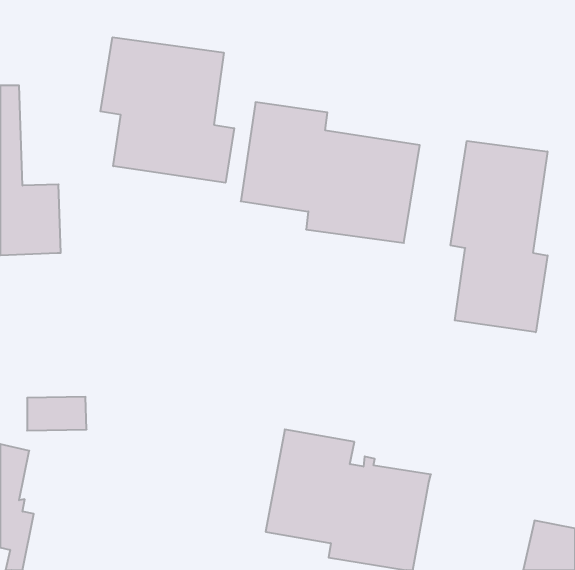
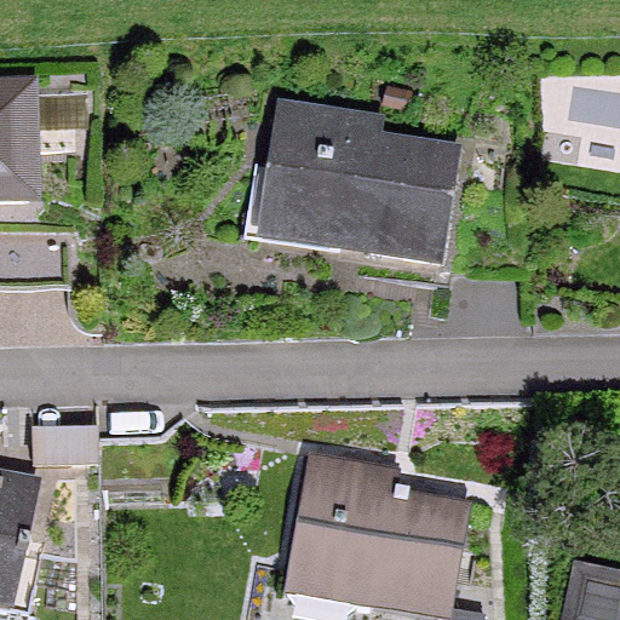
building: [100,37,234,183] -> none
building: [451,141,548,332] -> none

